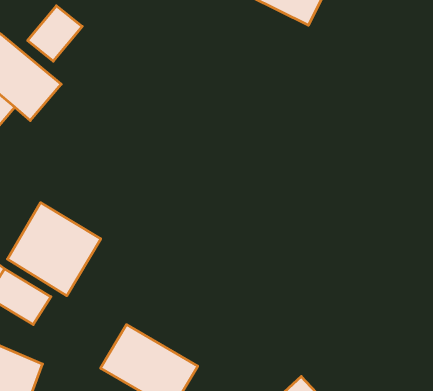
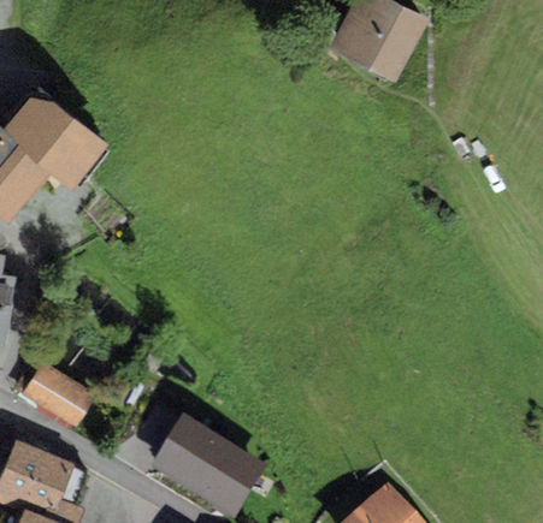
building: [28,6,82,61] -> none
building: [7,203,101,296] -> none

